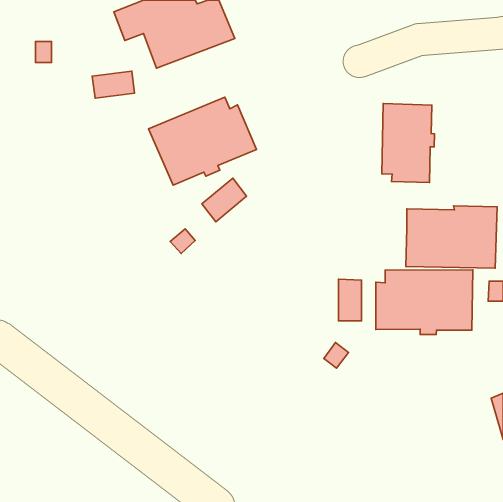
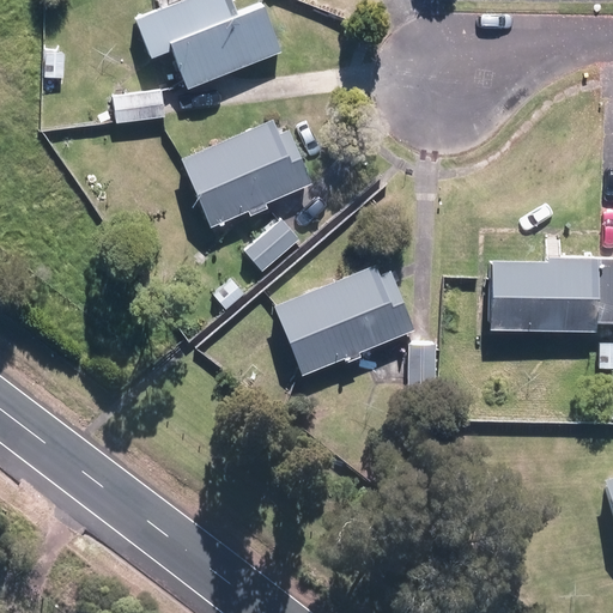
building: [382,103,435,182] -> none
building: none -> [274,263,414,376]
building: [376,270,473,334] -> none

